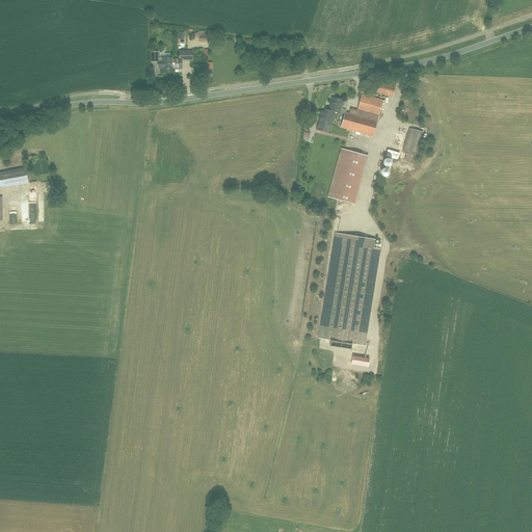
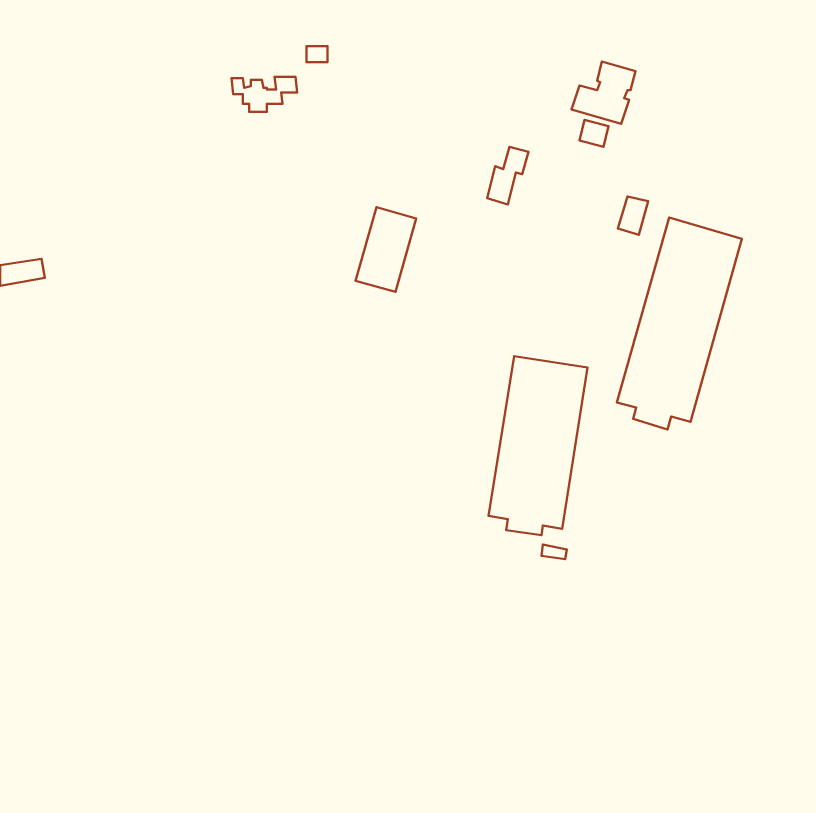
building: [341,95,382,135] -> [572,62,635,124]
building: none -> [617,218,742,429]
building: [328,148,368,203] -> [356,207,416,292]

